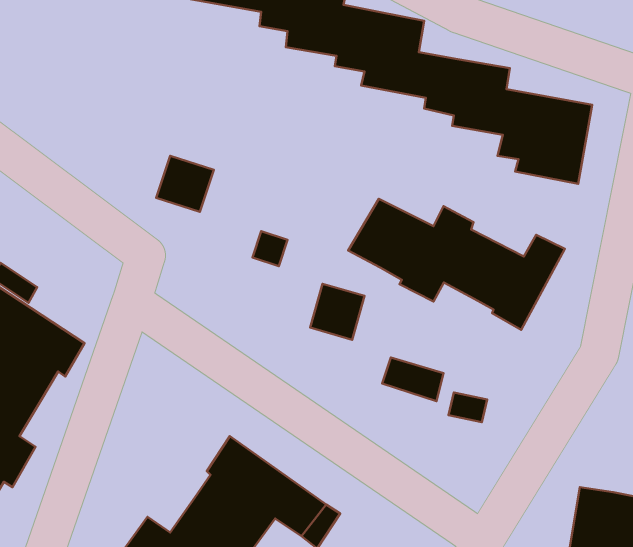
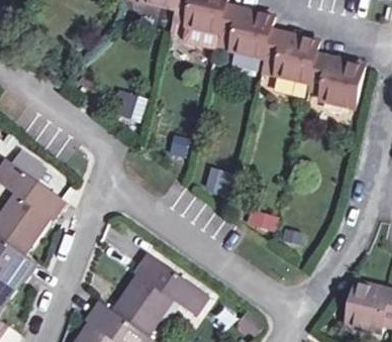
building: [348,199,565,330] -> none

